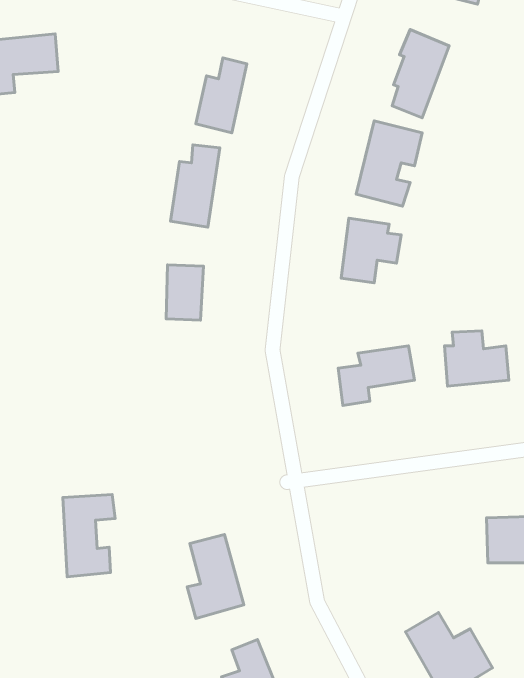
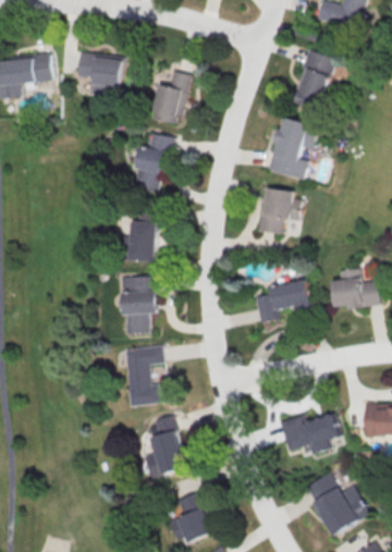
building: none -> [76,52,122,95]
building: none -> [122,275,156,333]
building: [63,495,115,577] -> [125,346,163,406]
building: none -> [277,416,339,456]

